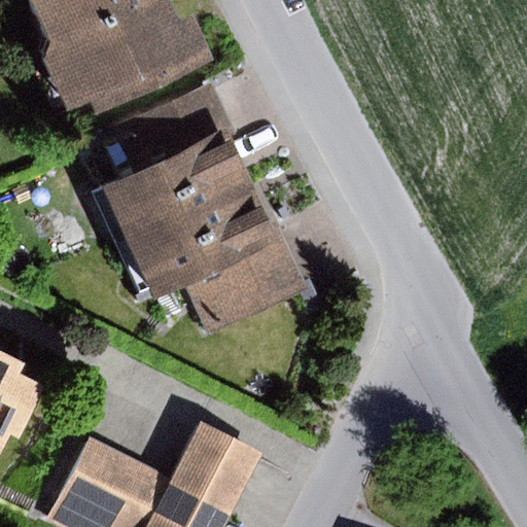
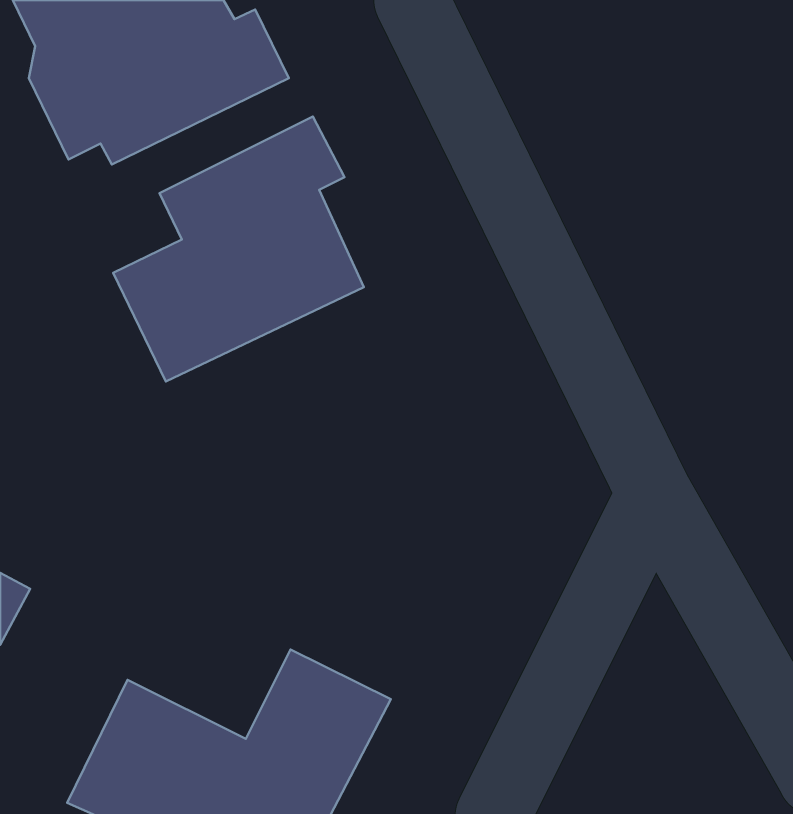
building: [121,186,314,333] -> none

